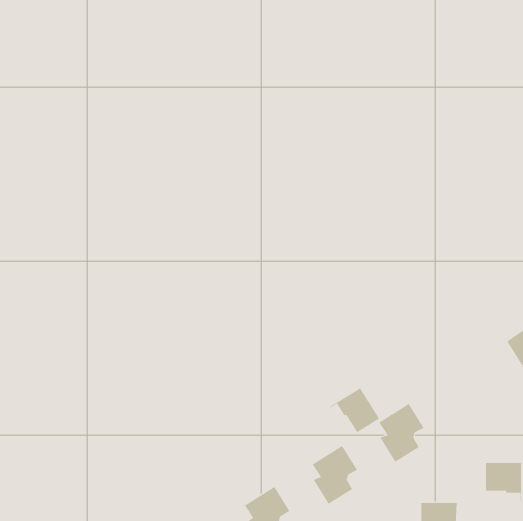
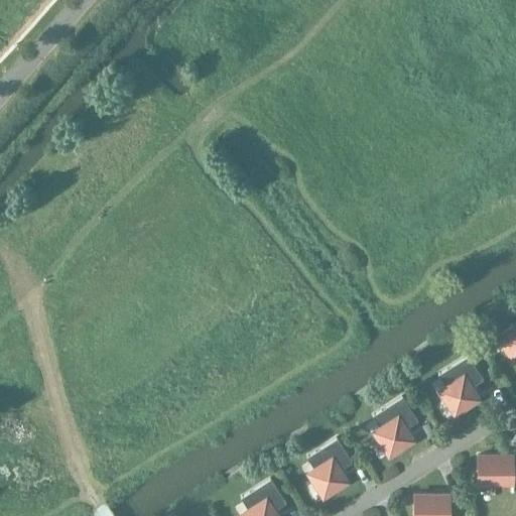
building: none -> [438,358,484,416]
building: [329,387,380,433] -> none

